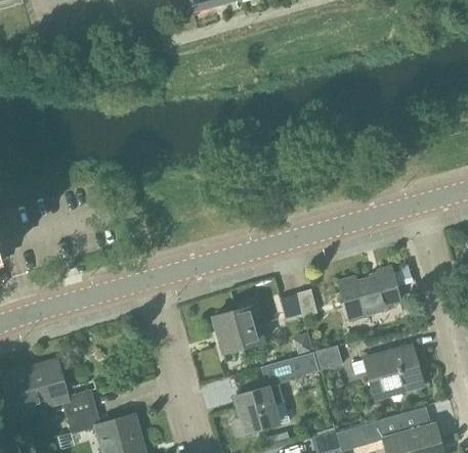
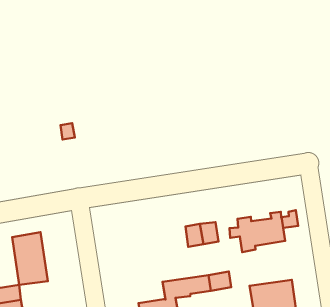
building: [213,305,263,351] -> none
building: none -> [12,232,48,285]

